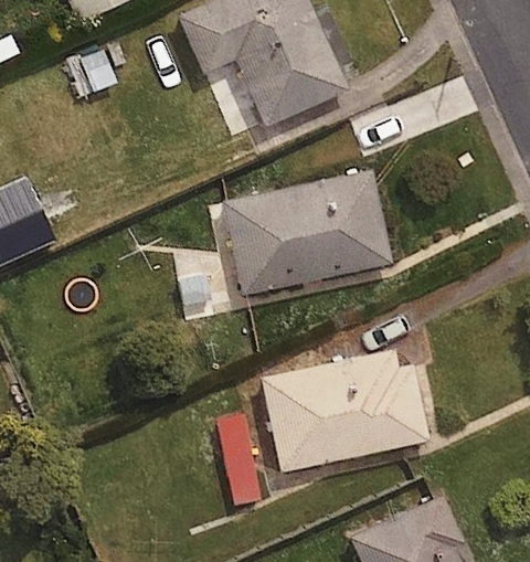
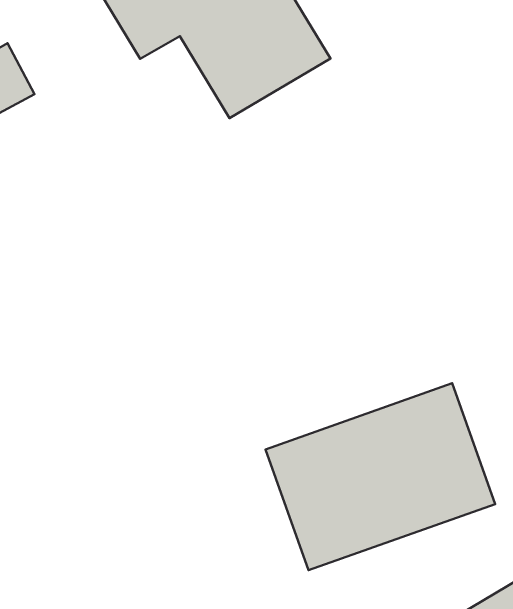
building: [223,172,390,295] -> none

